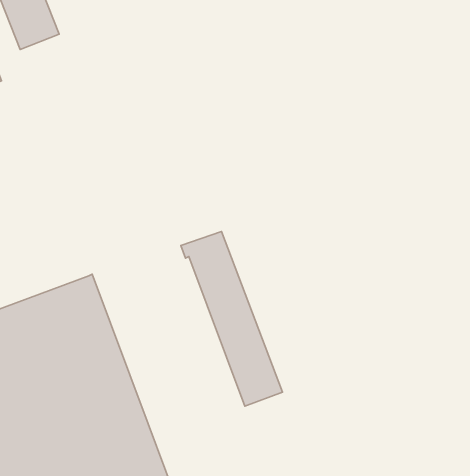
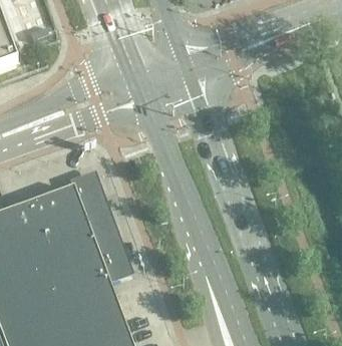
building: [181,232,282,406] -> [67,165,132,278]

